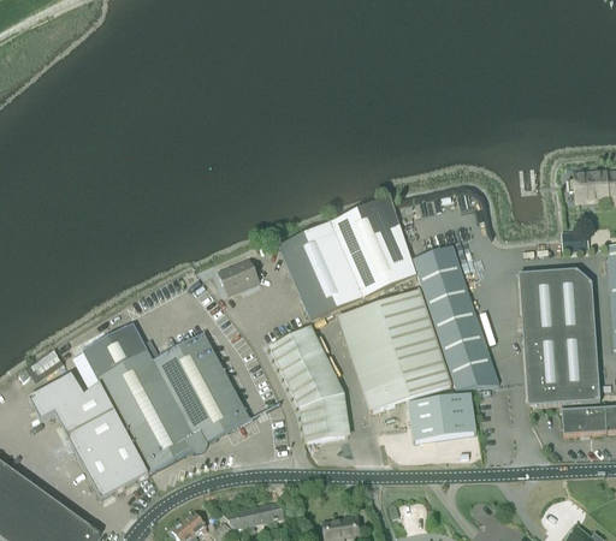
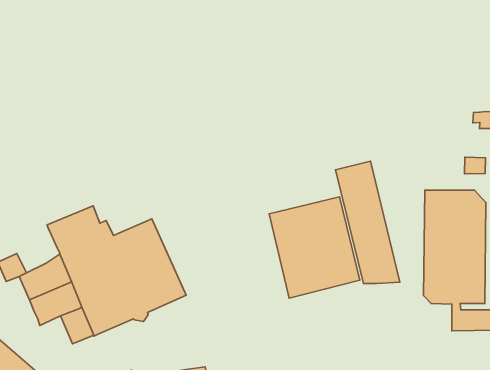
building: [278,195,416,319] -> none
building: [218,260,259,293] -> none
building: [271,327,353,444] -> none
building: [49,373,84,406] -> none
building: [408,392,475,440] -> none
building: [83,453,123,498] -> none

